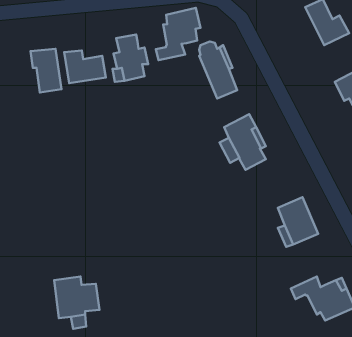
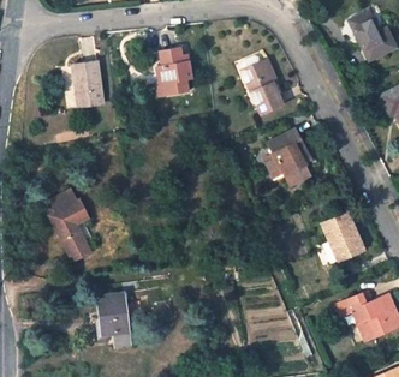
building: [156,8,201,60] -> none
building: [64,50,106,83] -> none
building: none -> [50,188,94,261]

